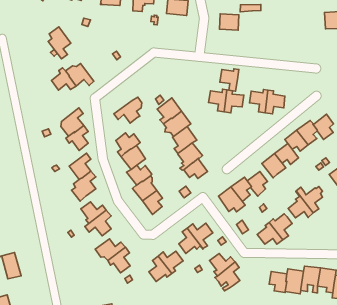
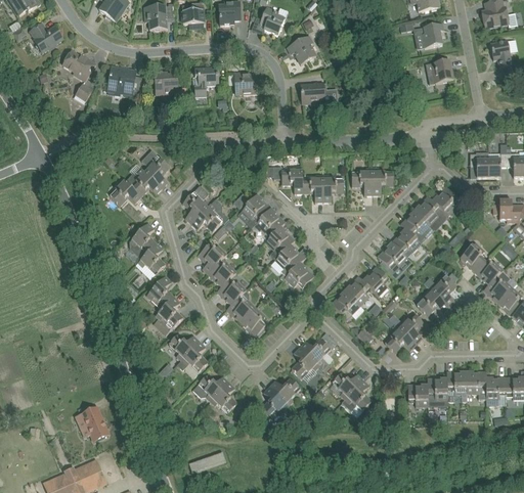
building: [48,27,71,59] -> [141,150,169,188]
building: [220,69,239,91] -> [281,167,302,193]
building: none -> [182,185,210,224]

